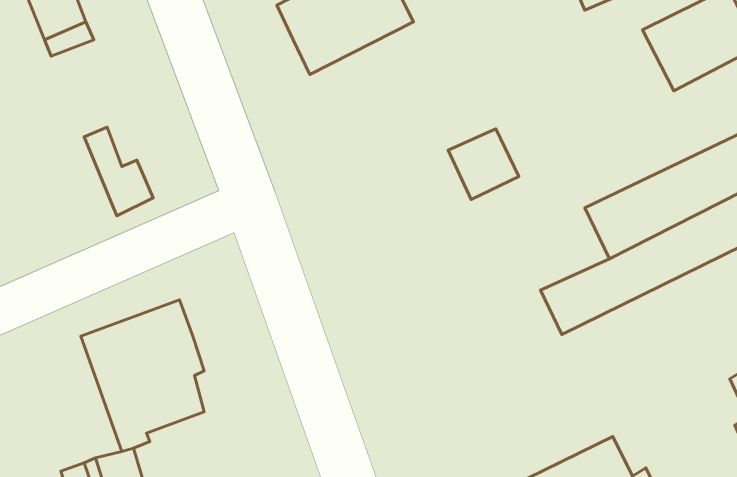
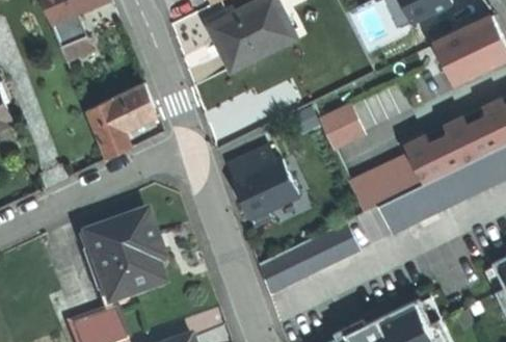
building: none -> [100,83,152,128]
building: none -> [221,144,290,226]
building: none -> [344,154,417,212]
building: none -> [259,222,358,294]

